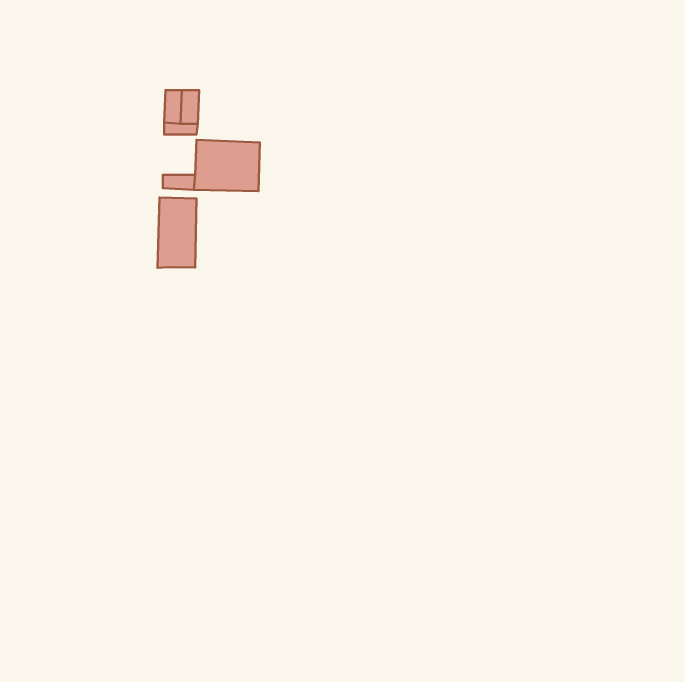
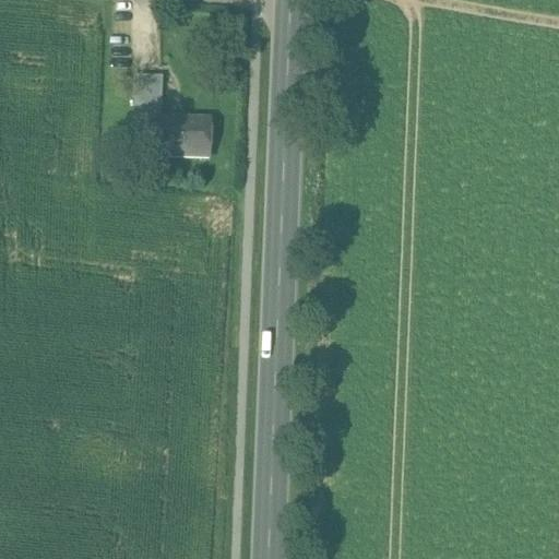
building: [157,198,196,268] -> none

